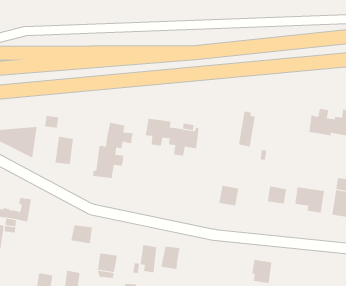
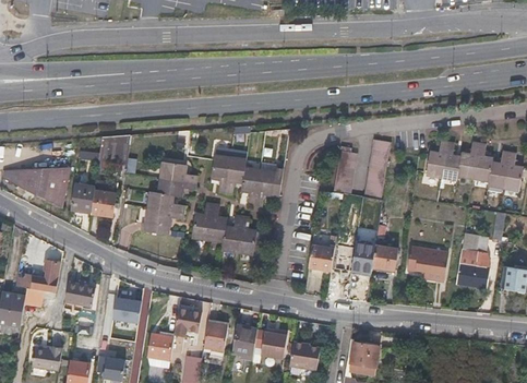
building: none -> [98,135,131,167]
building: none -> [364,140,391,199]
building: none -> [71,184,95,213]
building: none -> [192,204,266,254]
building: none -> [345,234,373,266]
building: none -> [65,283,95,306]
building: none -> [175,309,202,336]
building: none -> [254,332,288,360]
building: none -> [290,342,320,372]
building: none -> [32,345,62,369]

